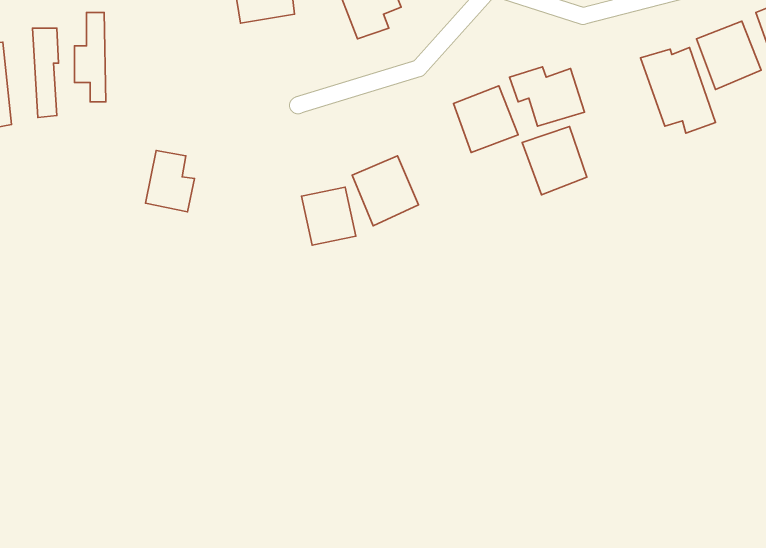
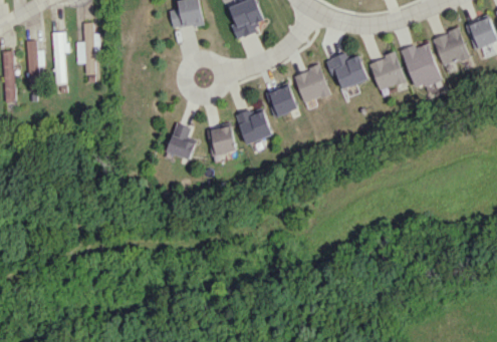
building: none -> [265,83,298,117]
building: [522,127,587,195] -> [368,52,406,91]
building: [146,151,195,212] -> [167,123,195,158]

